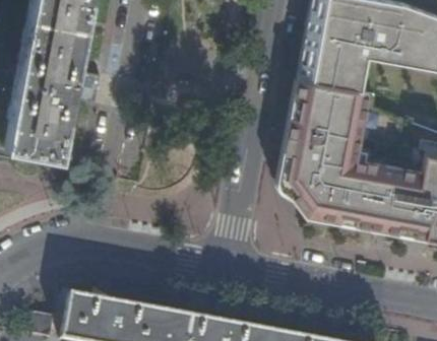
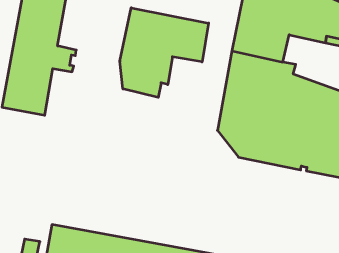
building: none -> [120,8,209,97]

